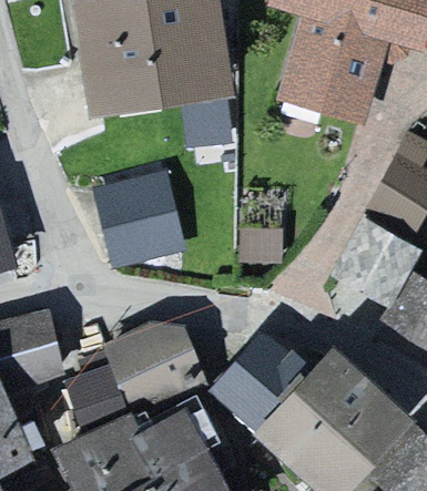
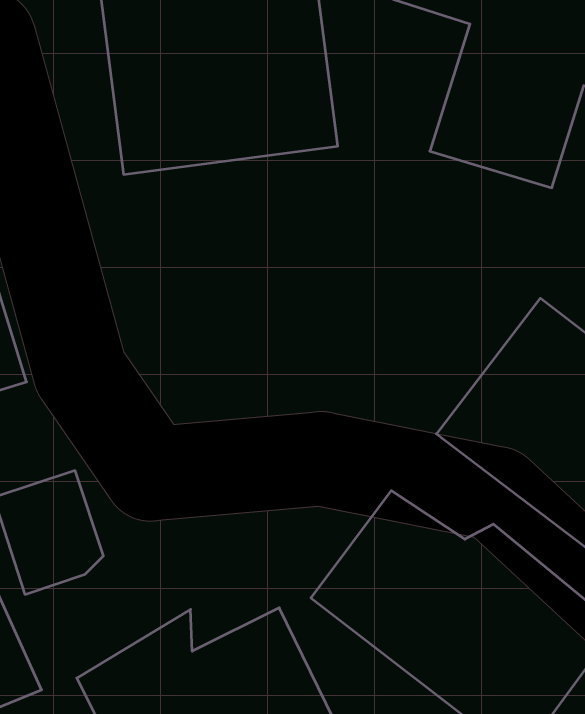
building: [88,160,191,270] -> none
building: [61,318,199,427] -> none

